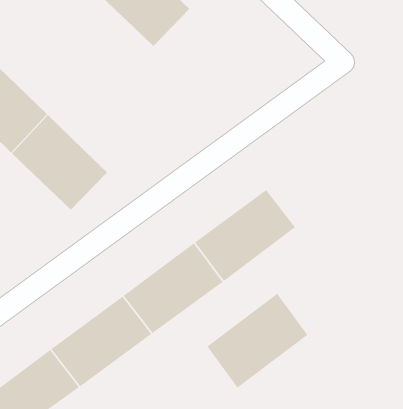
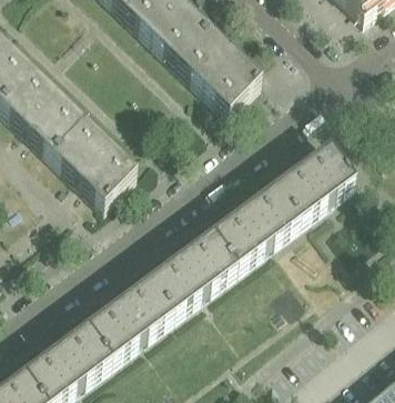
building: none -> [175,29,260,113]
building: none -> [274,145,354,220]
building: [206,293,308,389] -> none

